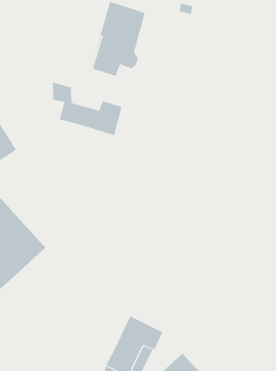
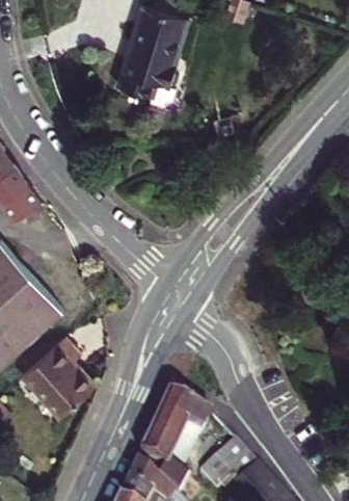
building: [53,82,122,136] -> none
building: none -> [21,338,95,419]

